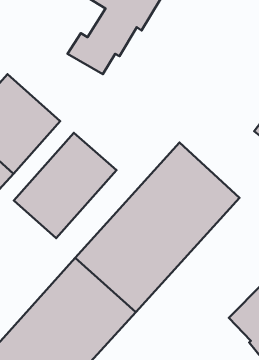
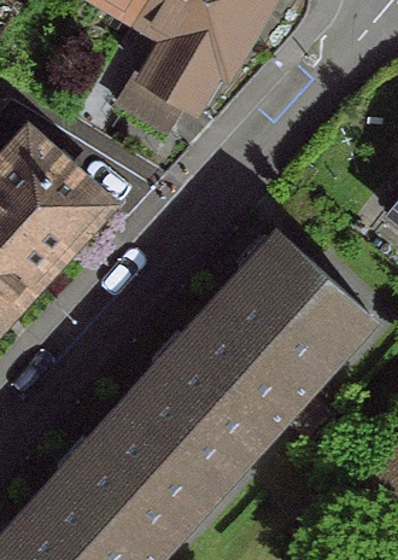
building: [14,133,116,238] -> none

